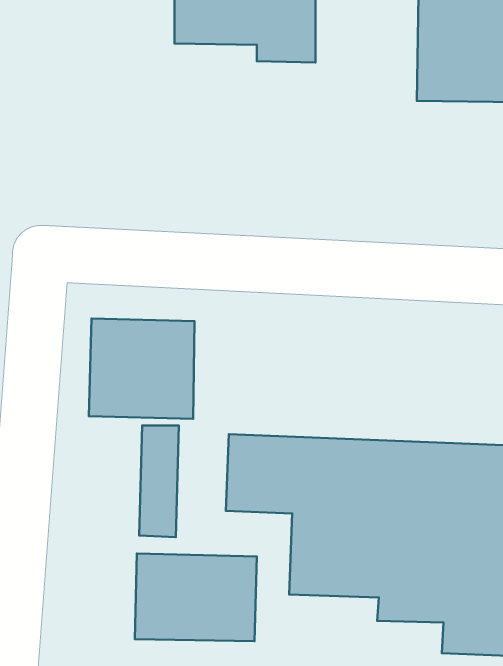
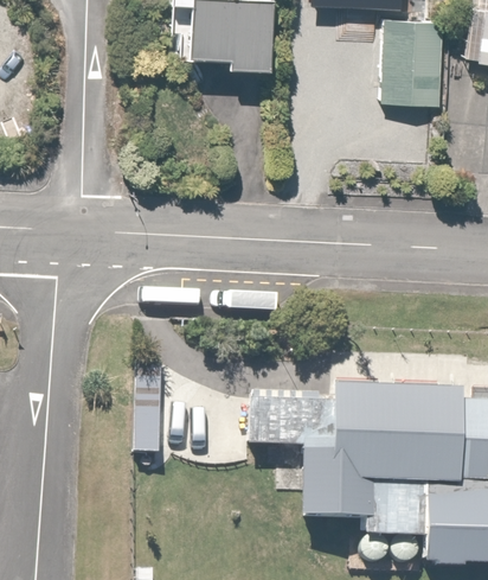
building: [89,318,194,419] -> none
building: [135,553,257,641] -> none

